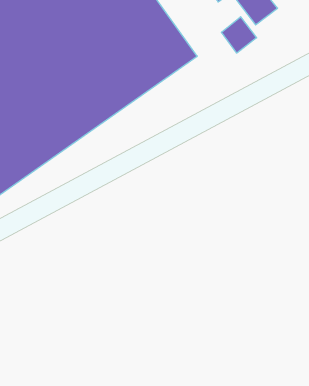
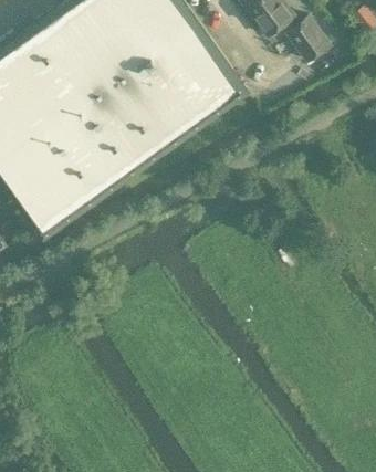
building: [221,17,257,53] -> none

